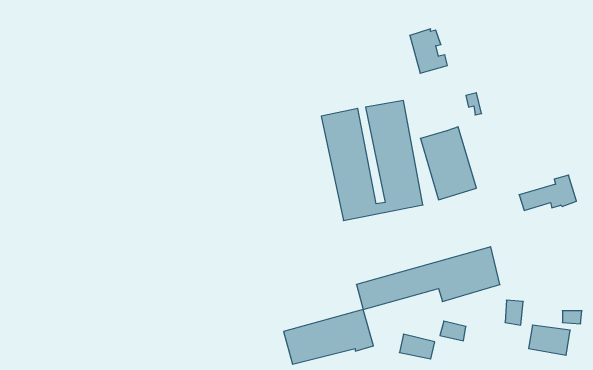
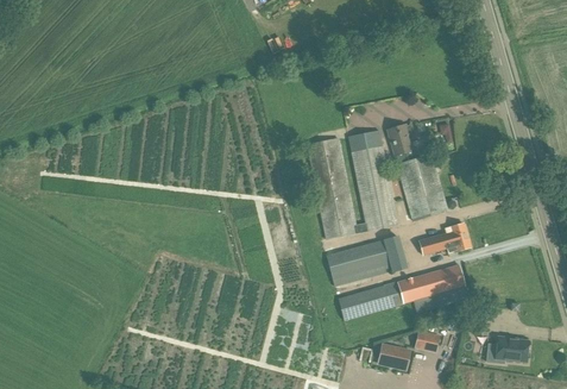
building: [410,29,447,73] -> [386,124,421,164]
building: [519,175,576,210] -> [418,222,471,255]
building: [284,309,373,364] -> [326,234,408,284]

